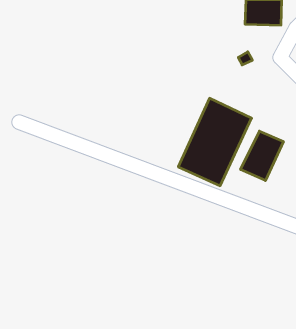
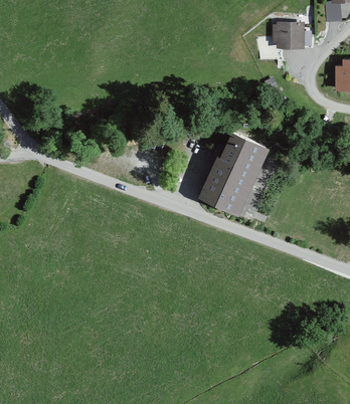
building: [241,131,283,181] -> none

